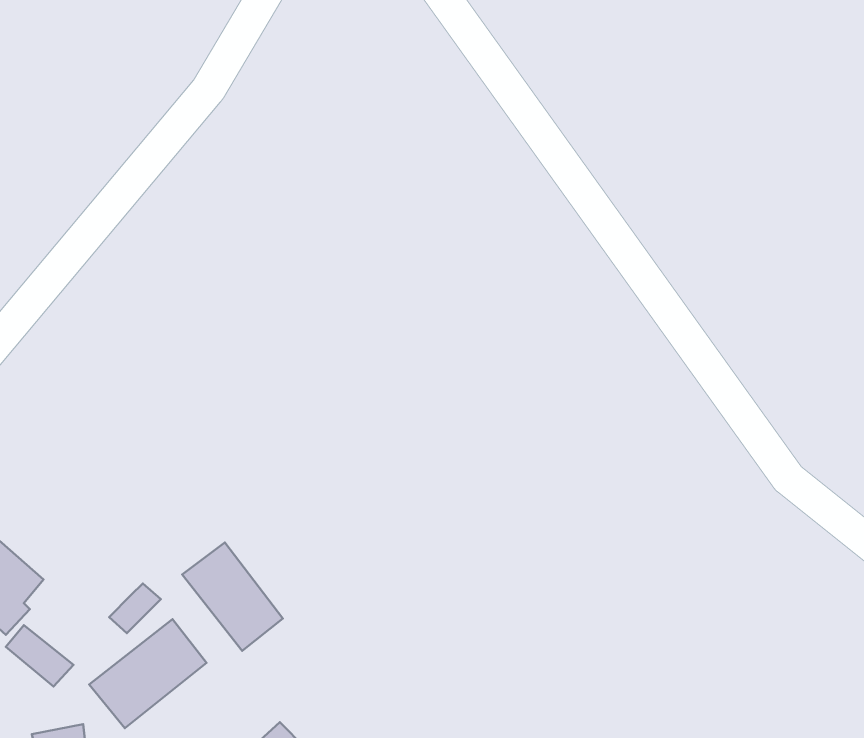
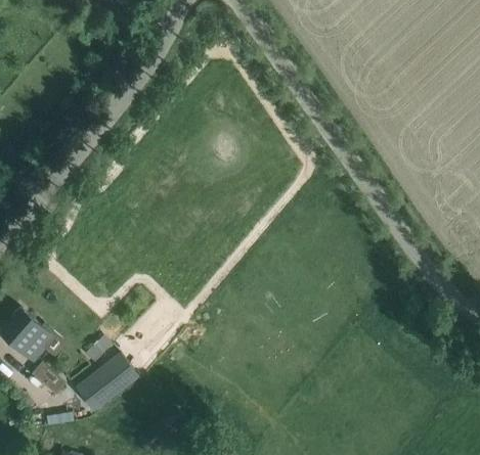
building: [182,543,283,651] -> none

